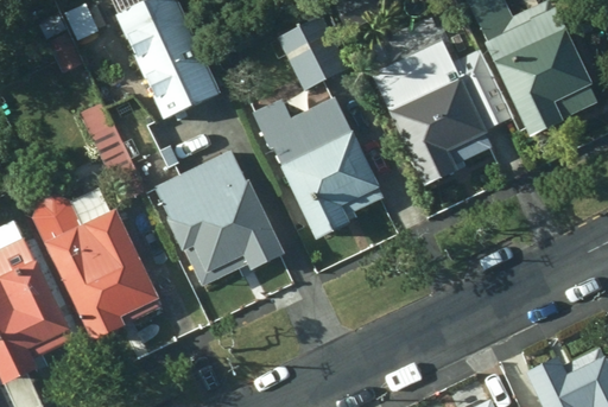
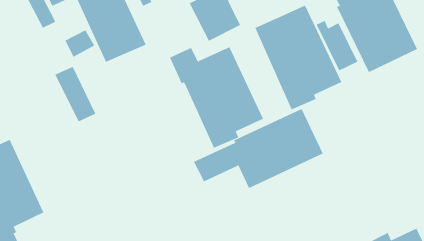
building: [153,150,285,280] -> none
building: none -> [193,108,323,189]
building: [31,192,162,339] -> none

